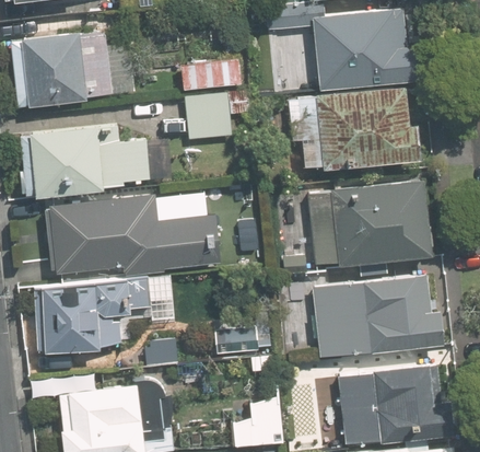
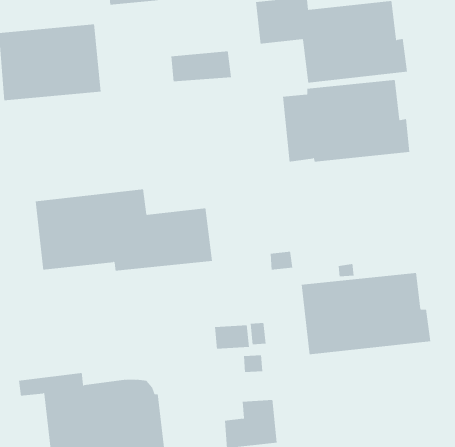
building: [187,92,253,138] -> none
building: [31,124,153,196] -> none
building: [306,182,429,265] -> none
building: [37,279,153,352] -> none
building: [337,366,449,442] -> none

